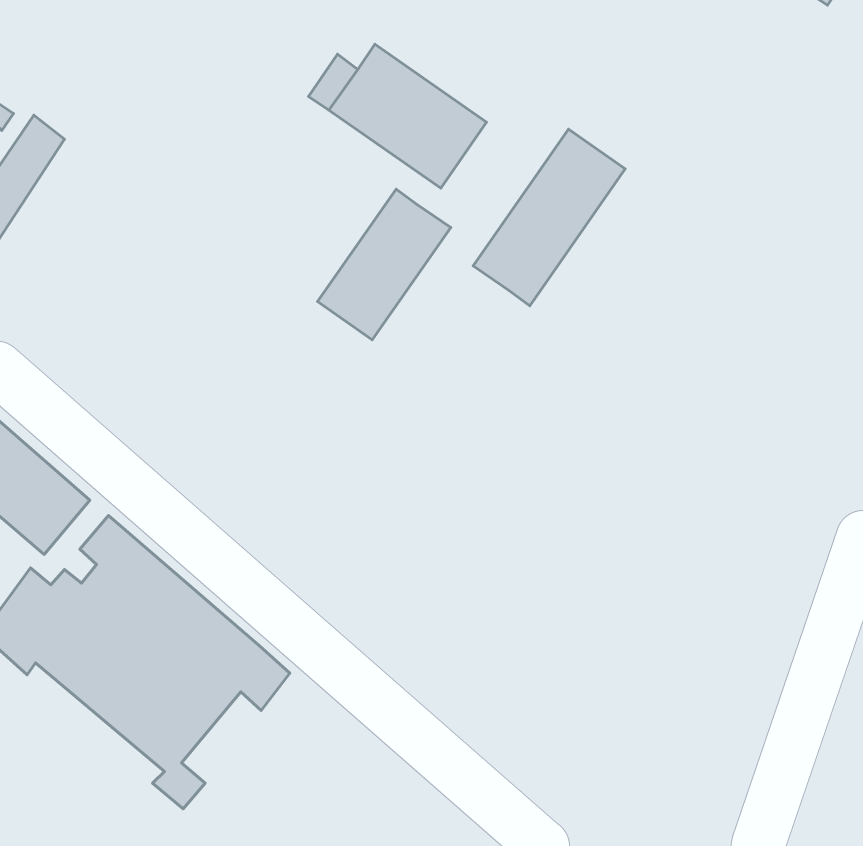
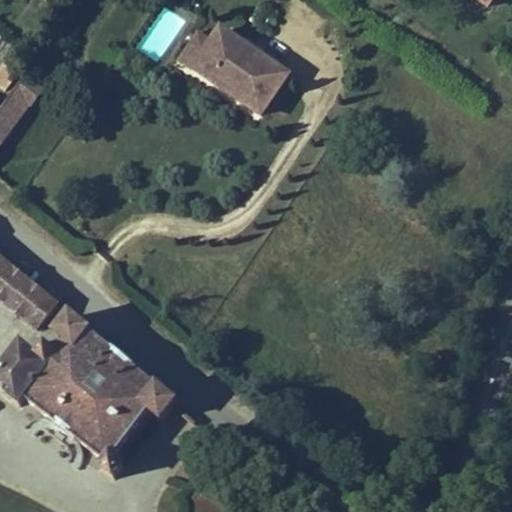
building: [473,129,625,306] -> none
building: [318,189,451,340] -> none

